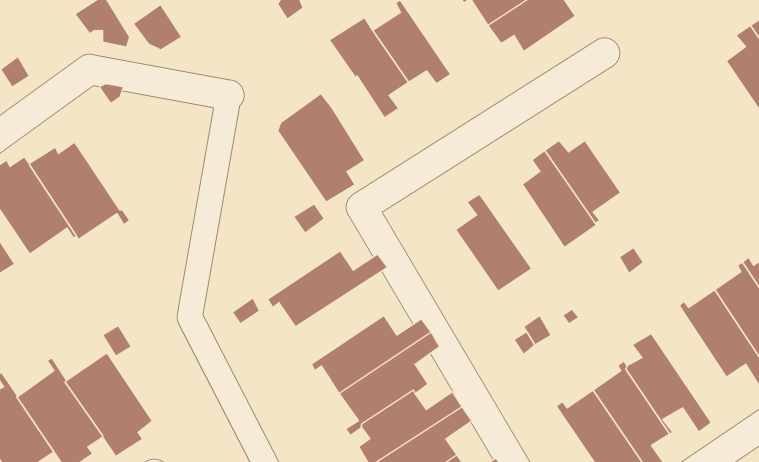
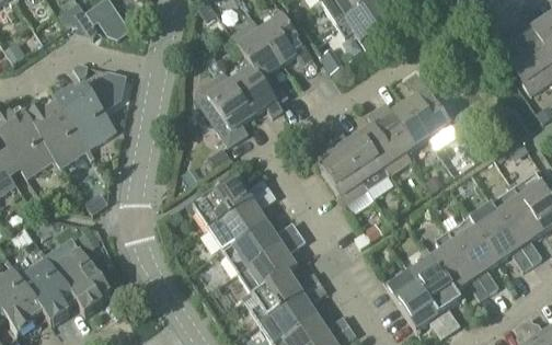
building: none -> [232,57,283,114]
building: none -> [403,69,456,136]
building: none -> [55,72,124,148]
building: none -> [332,130,389,187]
building: none -> [207,186,276,252]
building: none -> [448,212,498,291]

